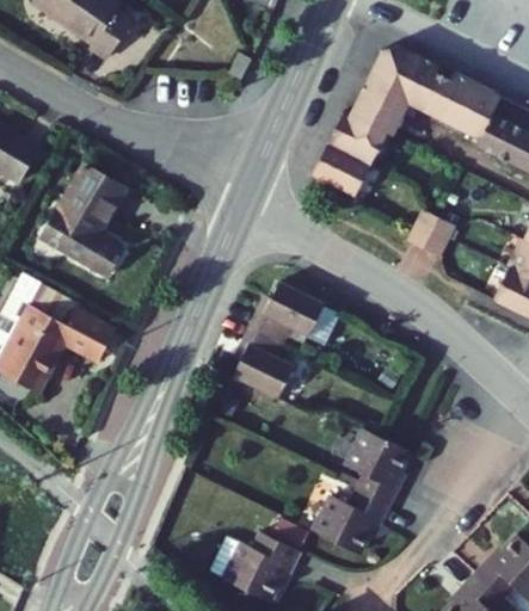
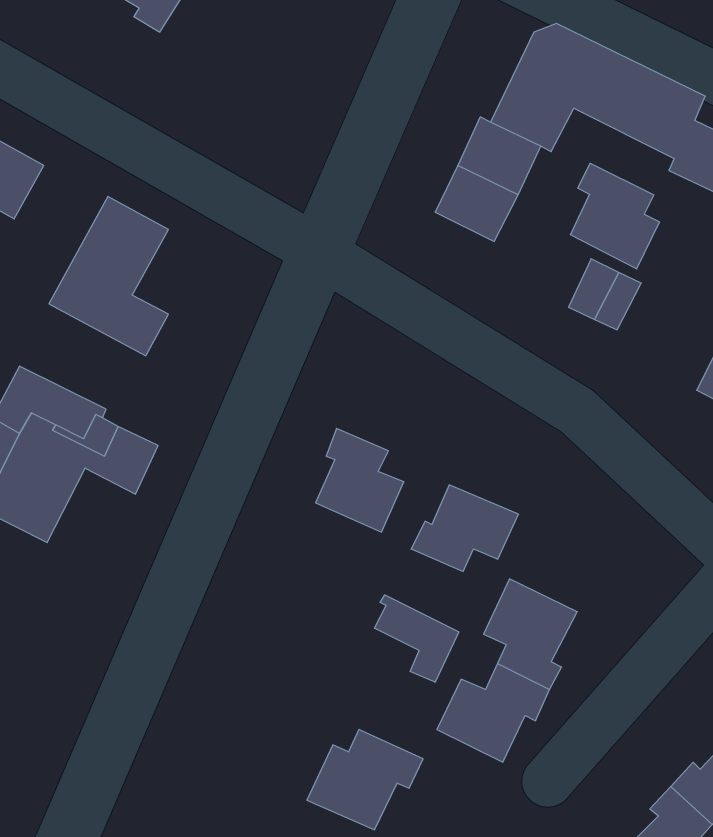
building: none -> [571,163,660,269]
building: [245,282,319,341] -> [411,485,519,571]
building: none -> [375,595,459,682]

